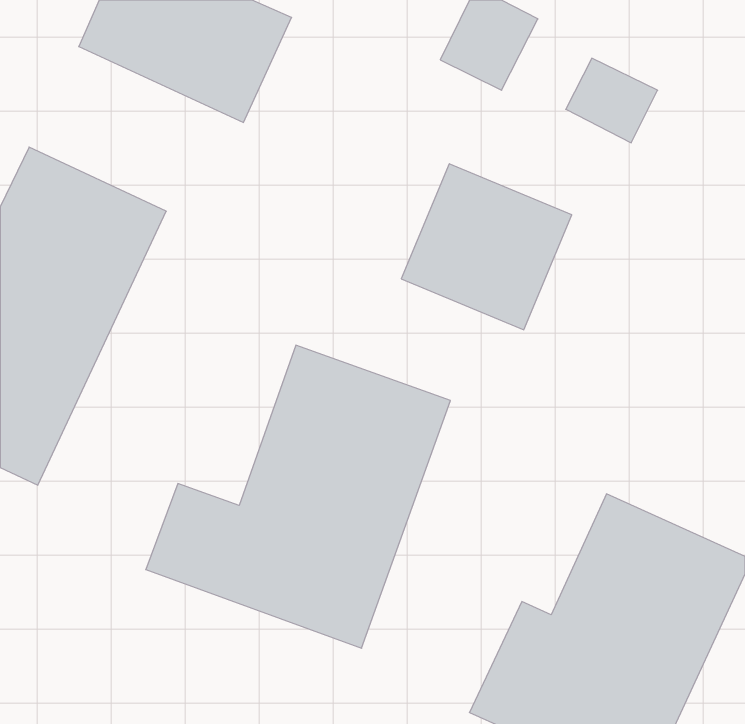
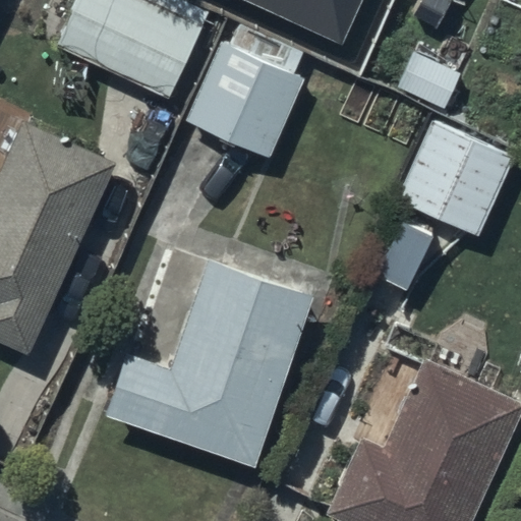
building: none -> [183,30,312,159]
building: [401,164,572,330] -> [396,121,515,237]

